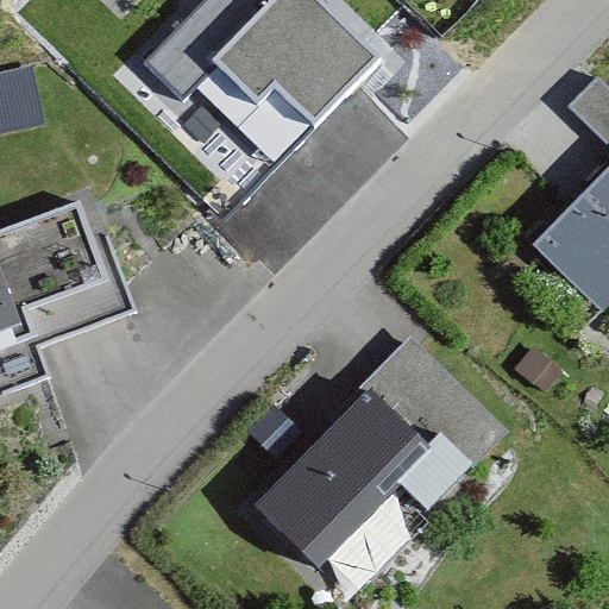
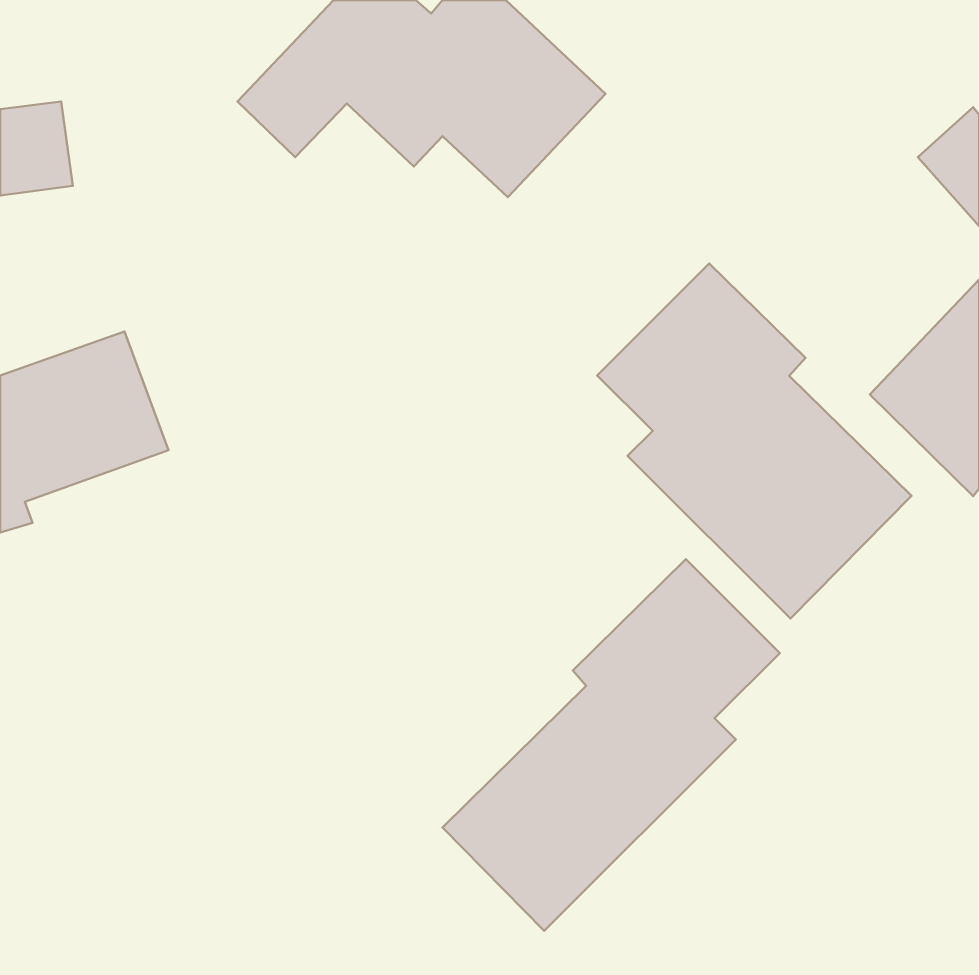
building: none -> [597,264,912,619]

